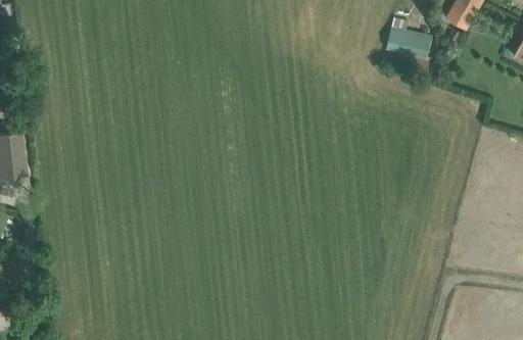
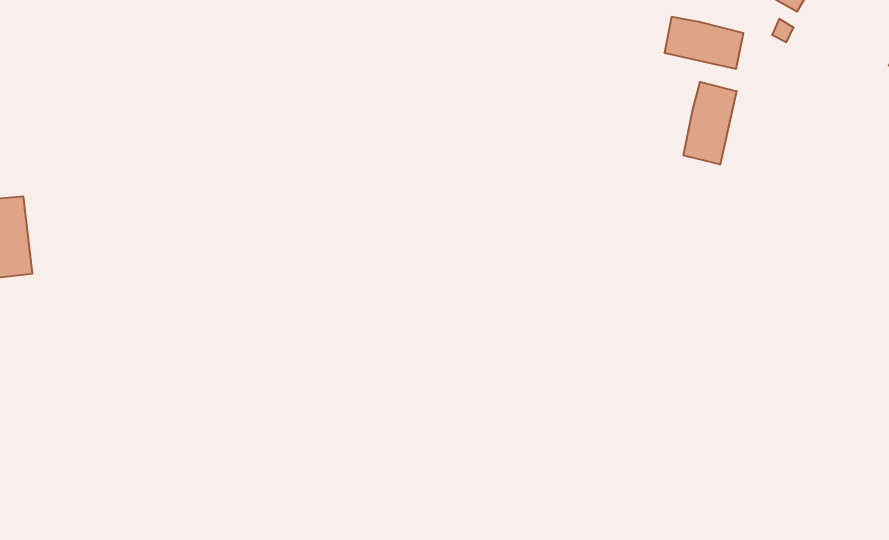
building: none -> [684,82,737,165]

